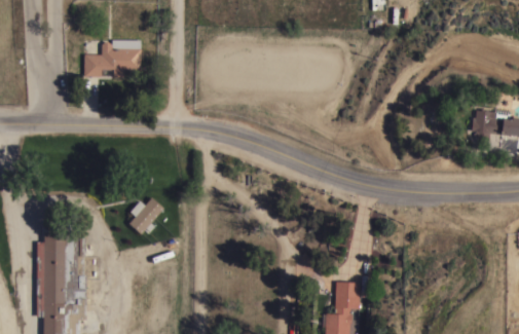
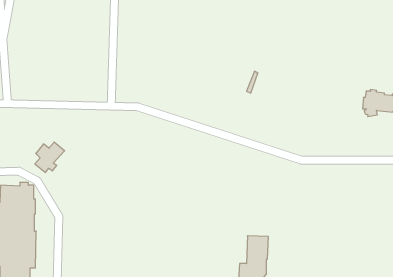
building: [83,40,141,77] -> none
building: [128,199,163,235] -> [35,142,65,173]

